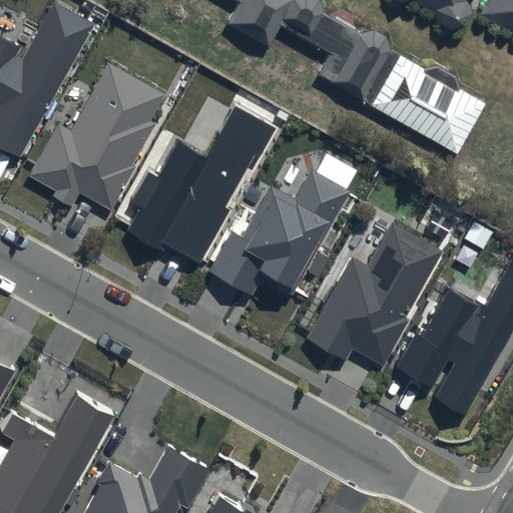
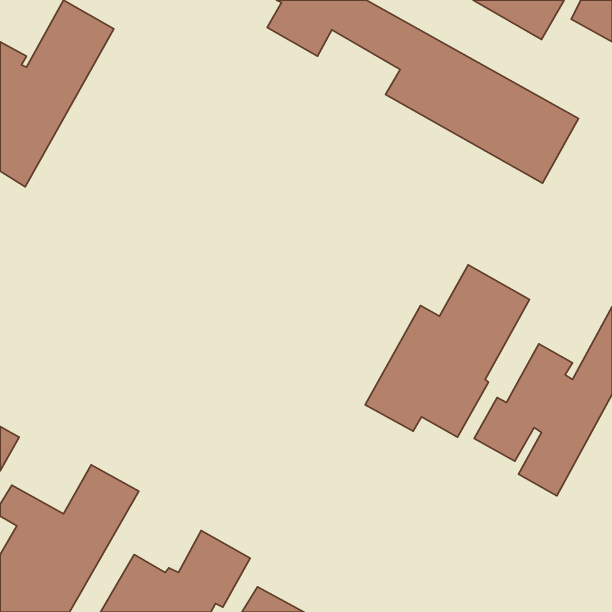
building: [29,63,164,210] -> none
building: [130,101,279,263] -> none
building: [209,169,352,299] -> none

